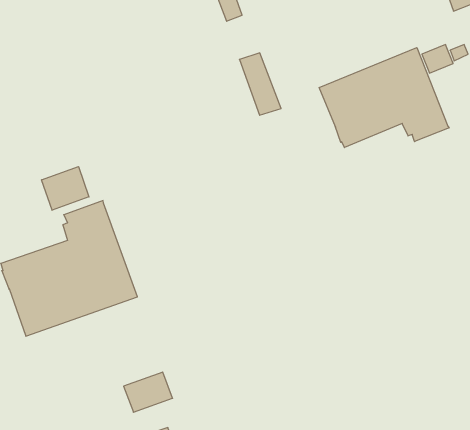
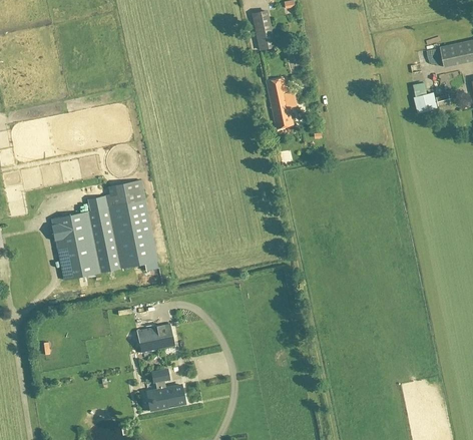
building: [319,48,449,148] -> none
building: [42,167,89,210] -> none

